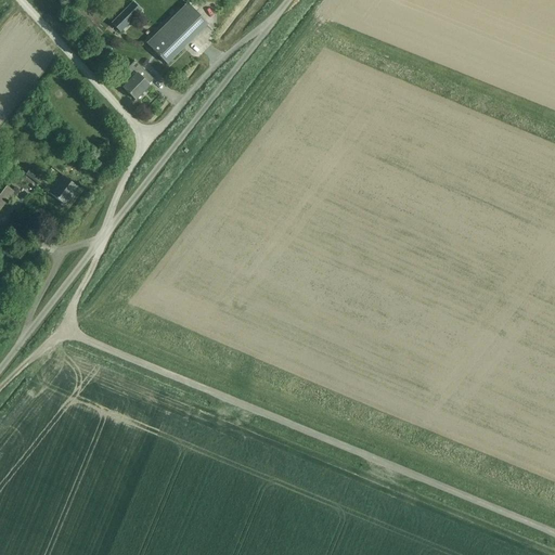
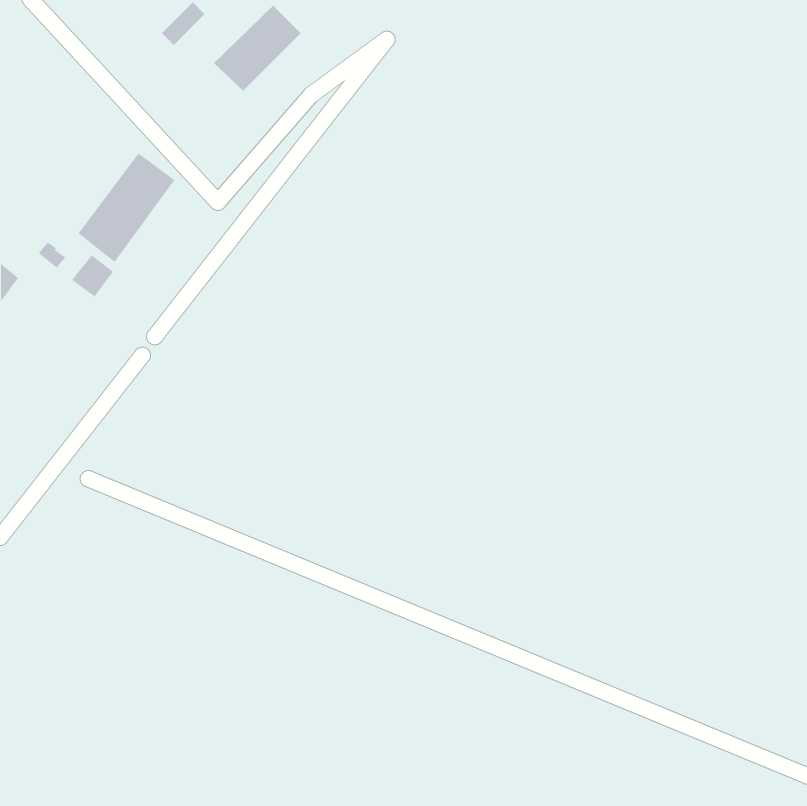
building: [122,61,153,100] -> none
building: none -> [78,152,175,263]

